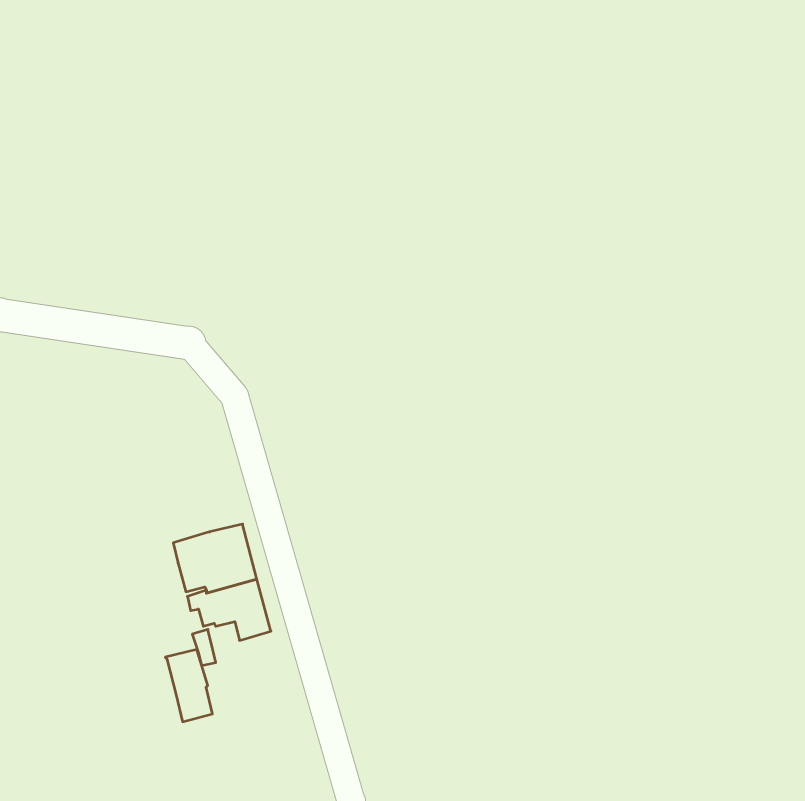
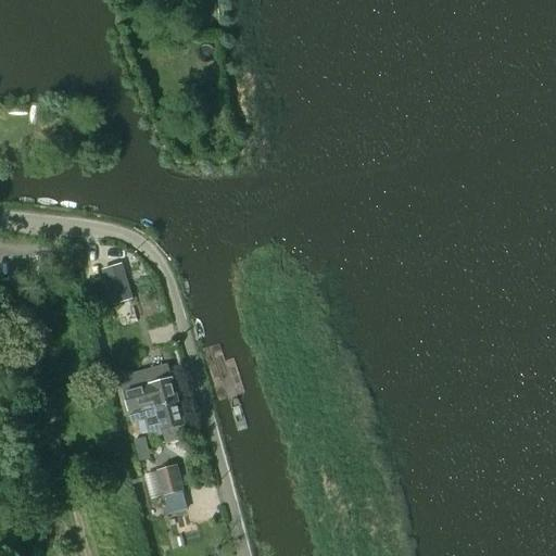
building: none -> [101,263,130,303]
building: [165,649,212,722] -> [155,463,188,513]

